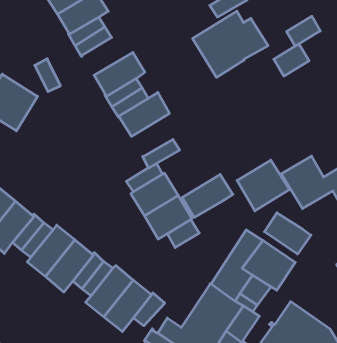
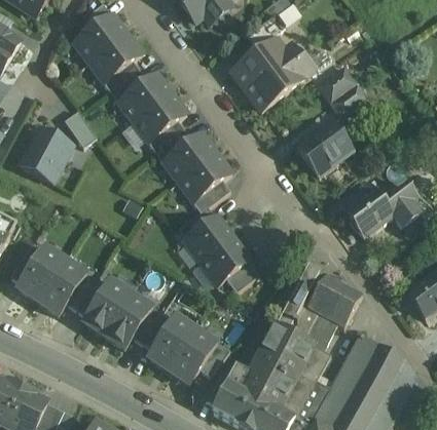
building: [287,16,320,46] -> [331,83,366,116]
building: none -> [119,72,172,120]
building: [237,160,290,211] -> [297,122,353,177]
building: [182,174,233,217] -> [179,152,231,199]
building: [264,213,311,254] -> none

